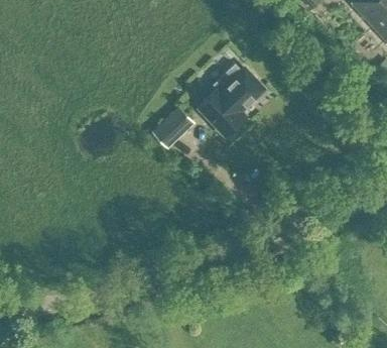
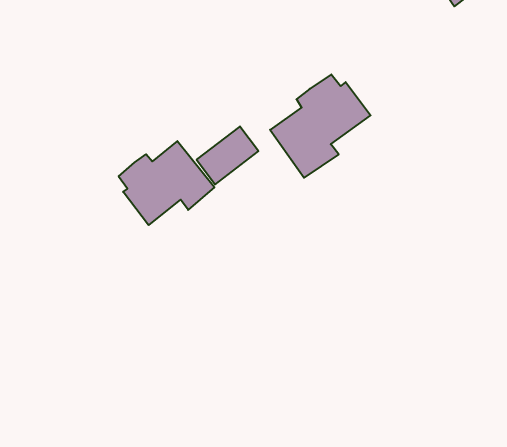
building: none -> [119,141,214,225]

